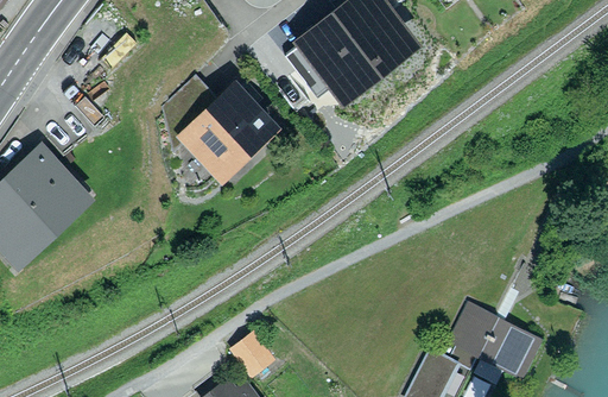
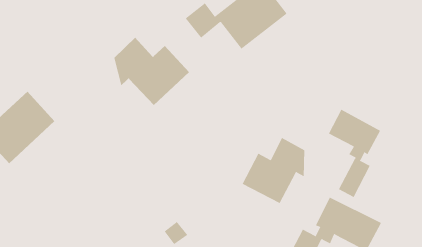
building: none -> [328,109,381,198]
building: none -> [242,137,305,204]

